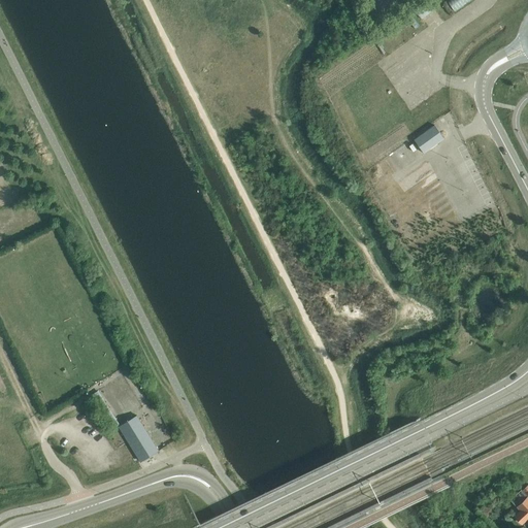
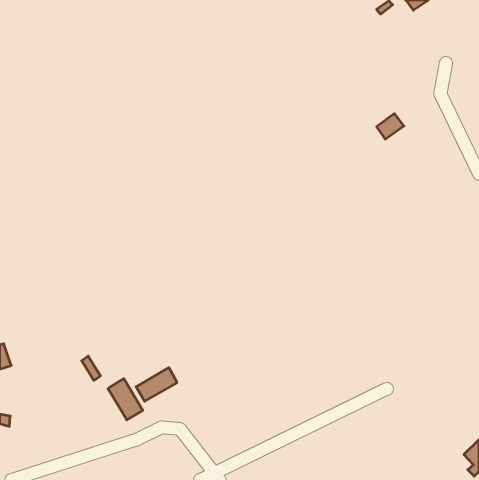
building: none -> [136,368,177,401]

